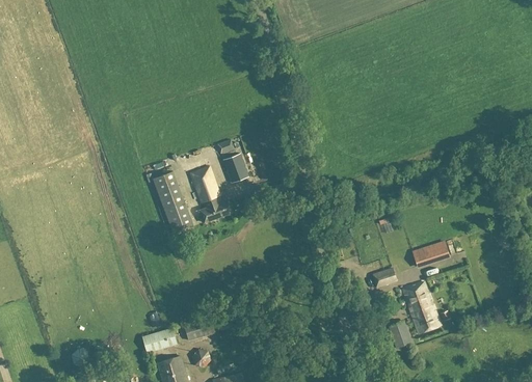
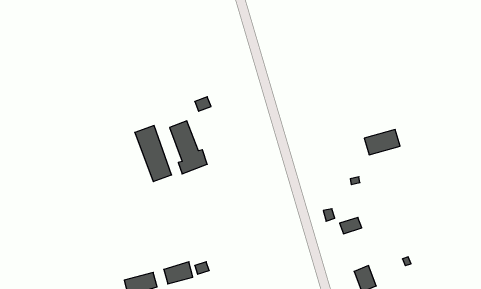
building: [222,152,248,182] -> none
building: [415,240,453,267] -> [364,130,400,155]
building: [402,281,440,332] -> none

